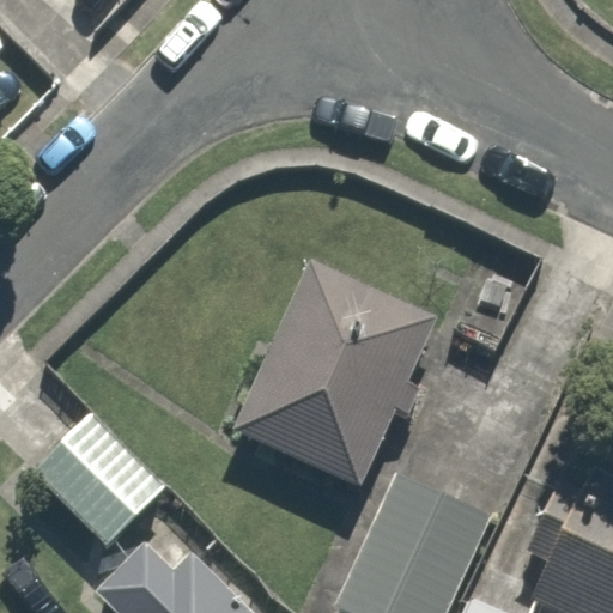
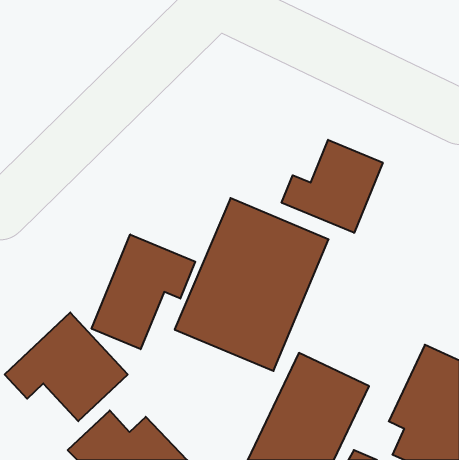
building: none -> [282,140,383,233]
building: none -> [92,234,195,349]

